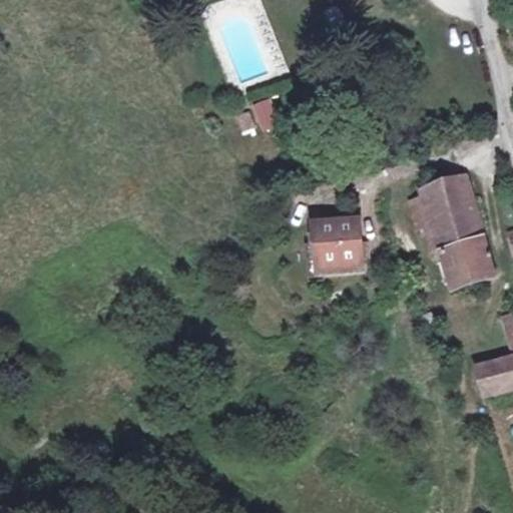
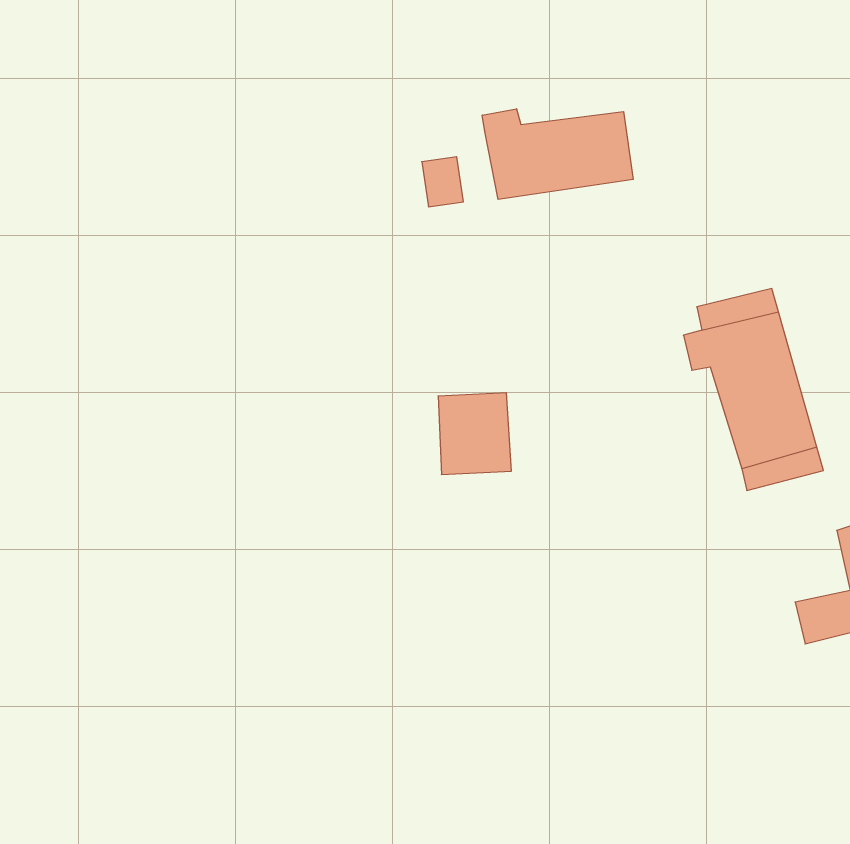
building: none -> [482,109,633,199]
building: [313,219,357,269] -> [438,393,511,474]

